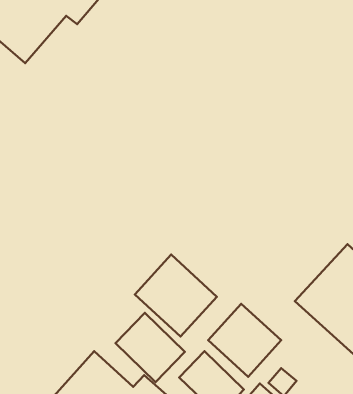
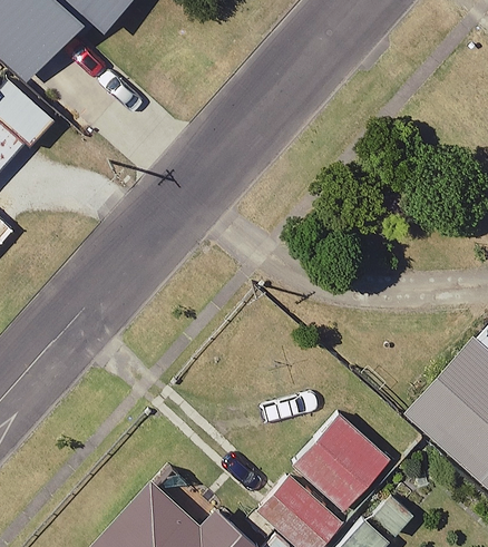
building: [135,255,217,336] -> none
building: [116,313,185,382] -> none

